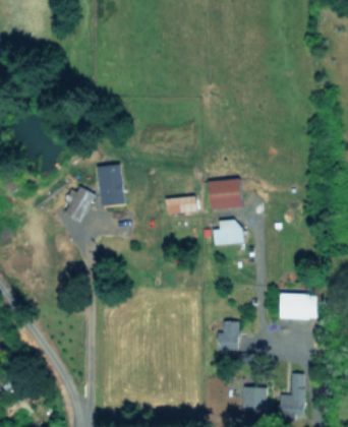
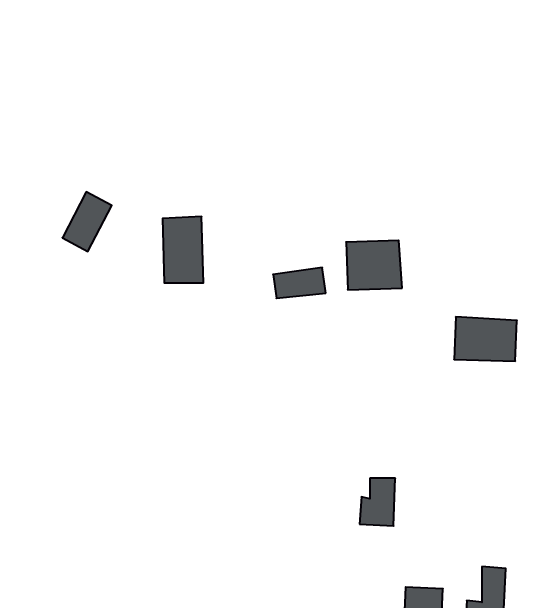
building: [66,186,96,222] -> [62,192,112,251]
building: [211,218,242,246] -> none
building: [279,293,316,319] -> [454,317,517,361]

